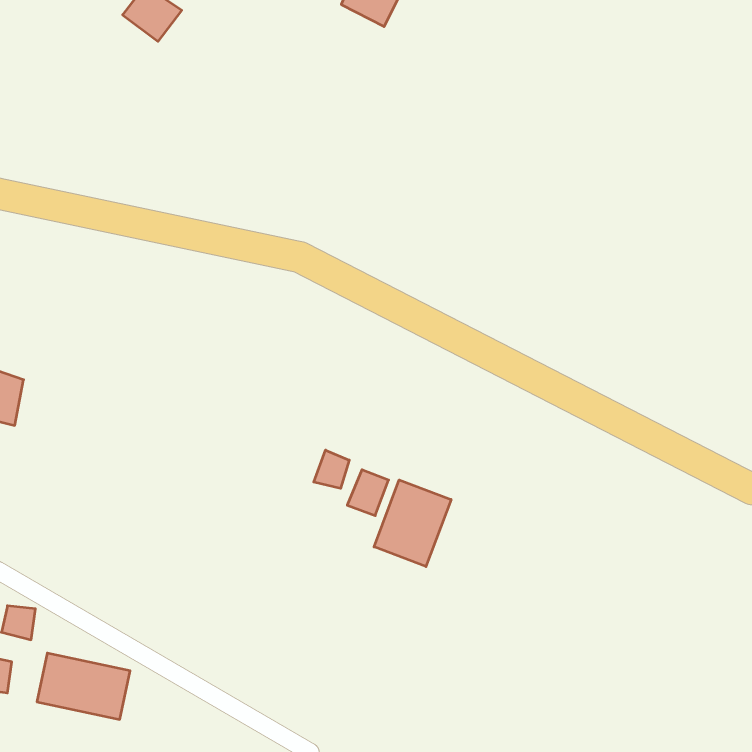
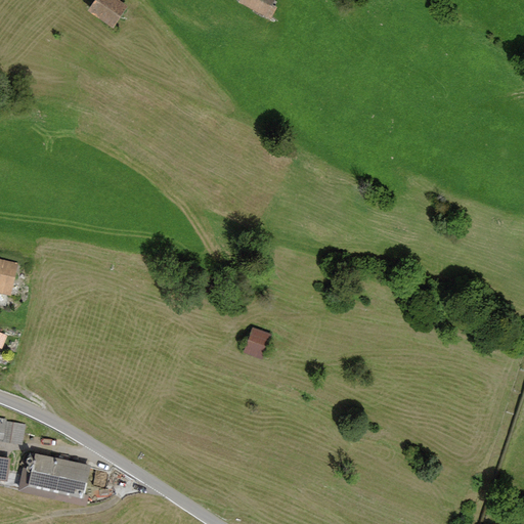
building: [314,450,349,488] -> none
building: [374,480,451,567] -> none

